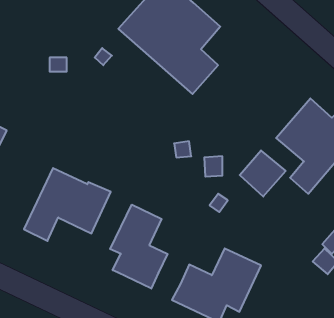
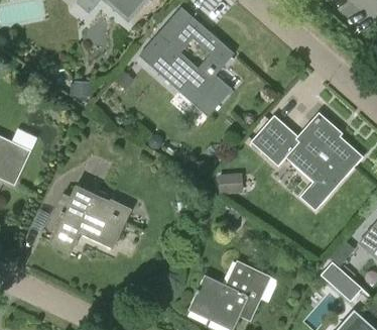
building: [240,150,286,197] -> [251,117,294,160]
building: [110,205,168,289] -> none

